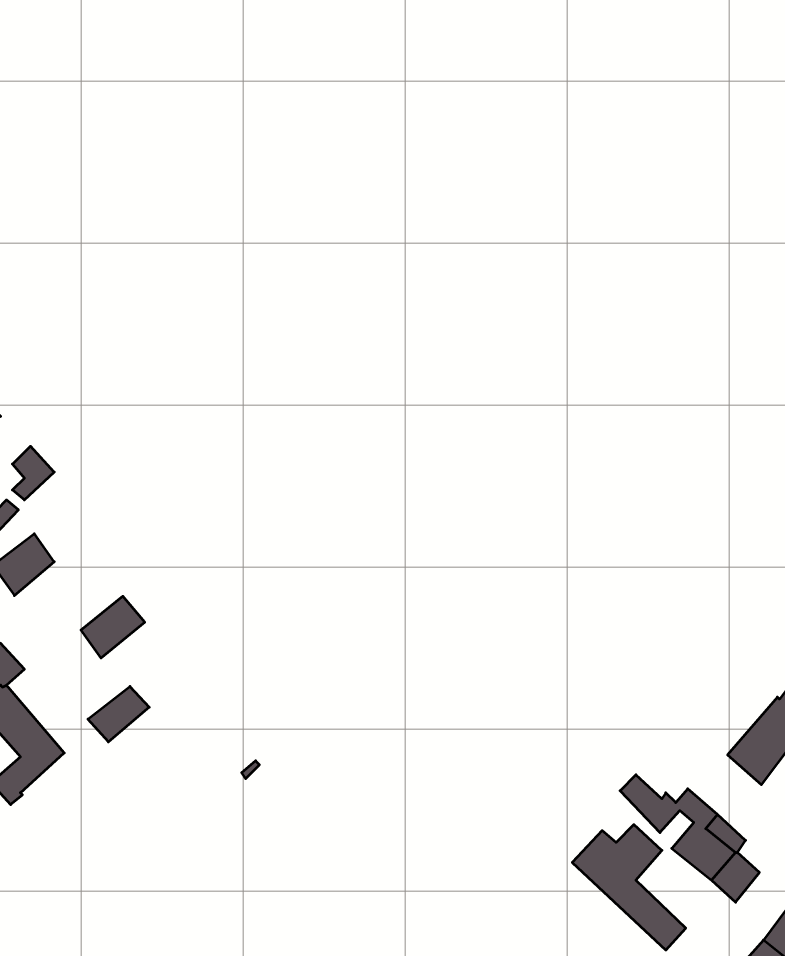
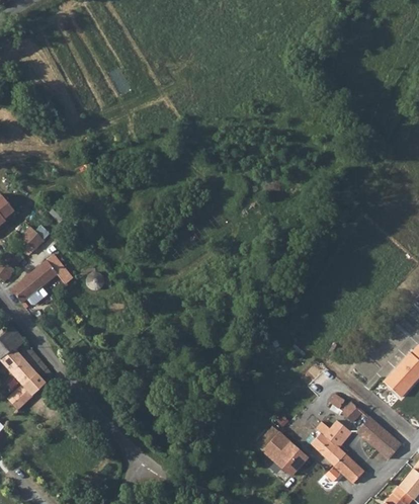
building: [81,596,145,658] -> [32,255,65,286]
building: [88,686,149,742] -> none
building: none -> [261,430,305,475]

